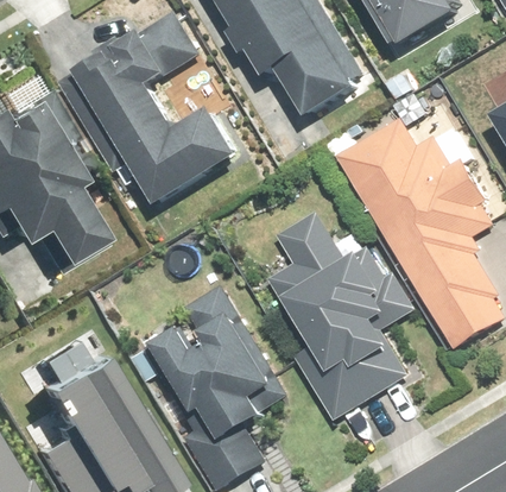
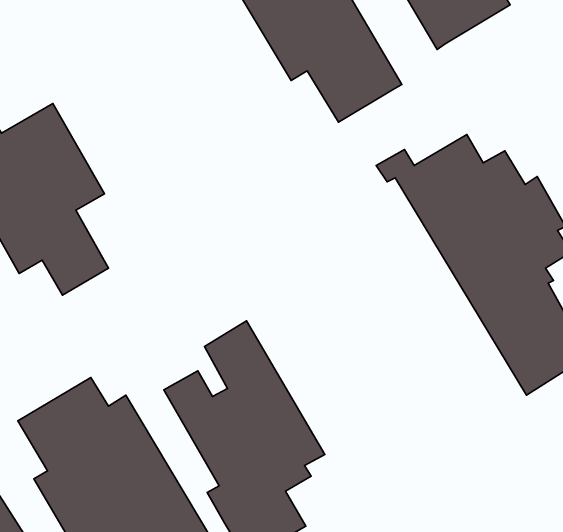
building: [57,12,229,208] -> none
building: [274,213,425,421] -> none

